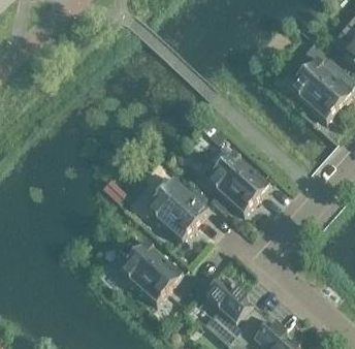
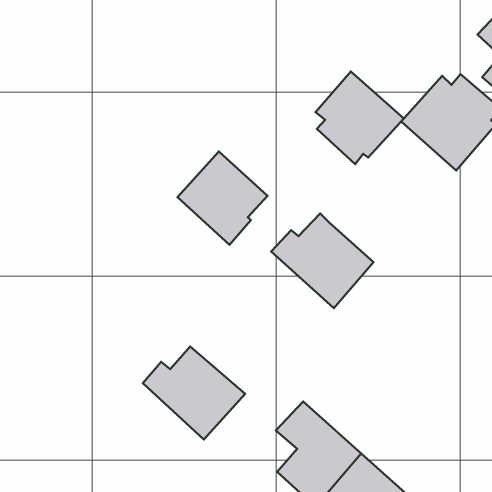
building: none -> [315,72,404,164]
building: [147,178,207,241] -> [177,151,268,245]

